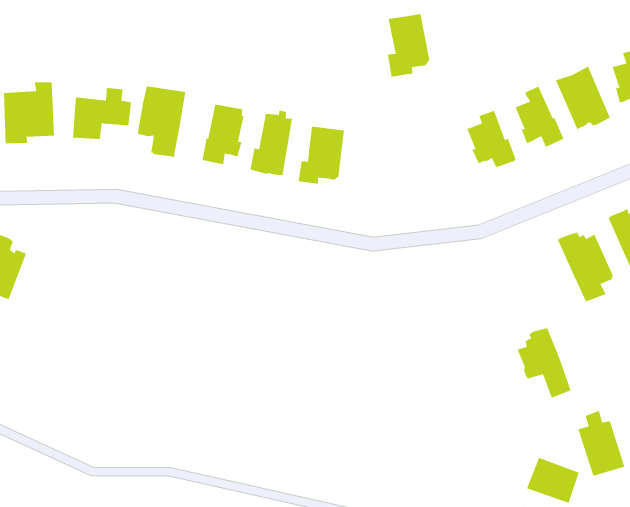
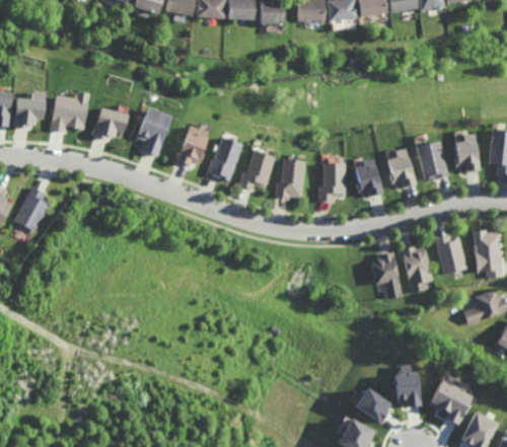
building: [387,14,430,77] -> [317,162,345,201]
building: none -> [274,158,304,198]
building: [517,326,571,399] -> [371,251,403,299]

